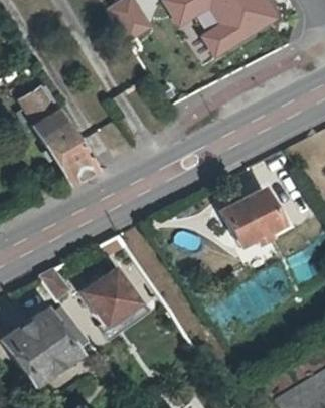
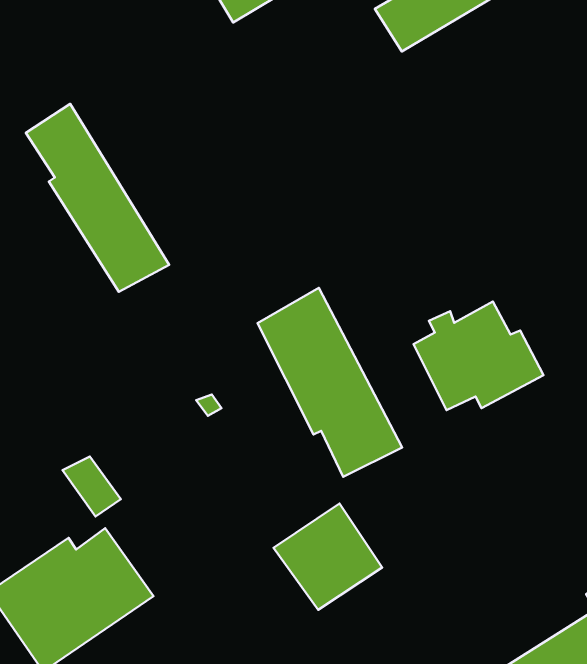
building: none -> [257,288,402,477]
building: [79,267,136,323] -> [273,503,382,610]

